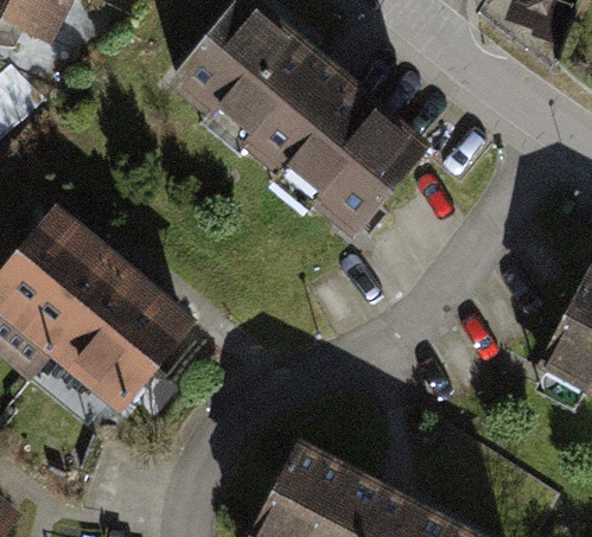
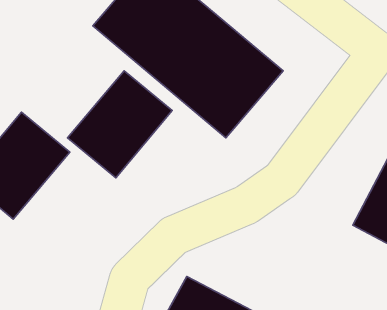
building: [49,266,198,418] -> [68,71,172,178]

